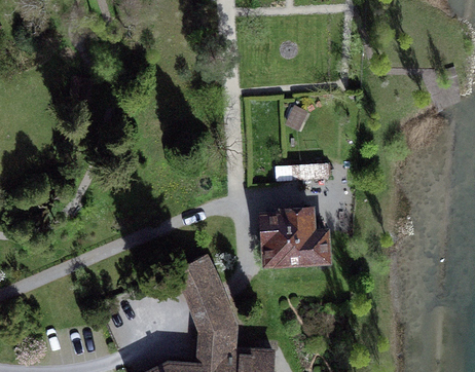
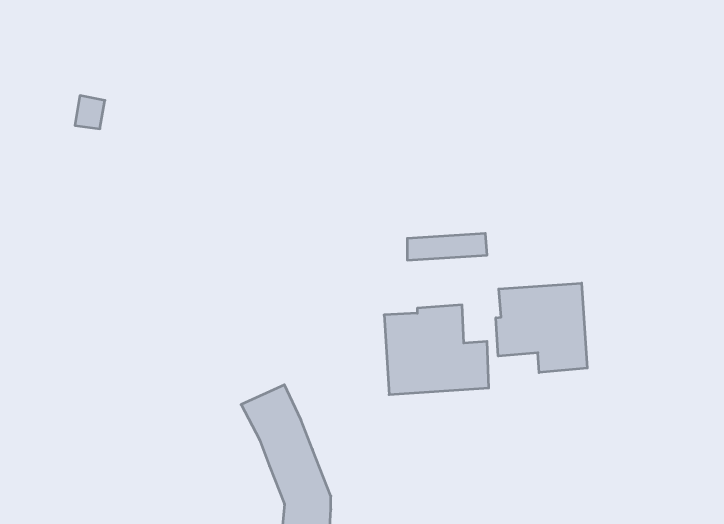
building: none -> [496,283,587,373]

